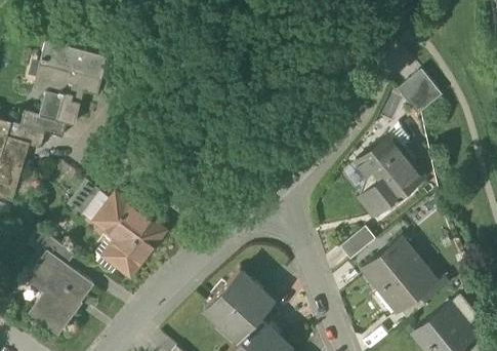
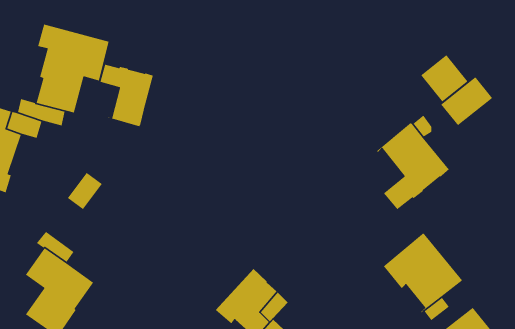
building: none -> [98,64,154,127]
building: none -> [440,76,493,126]
building: [93,192,165,276] -> none
building: [339,226,376,260] -> none

